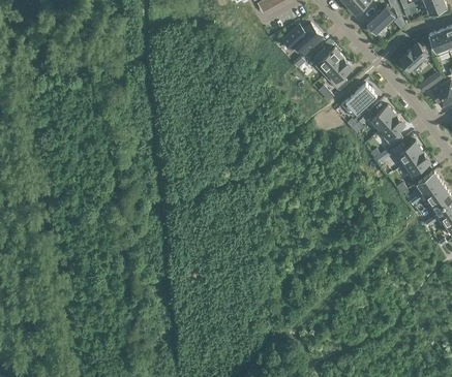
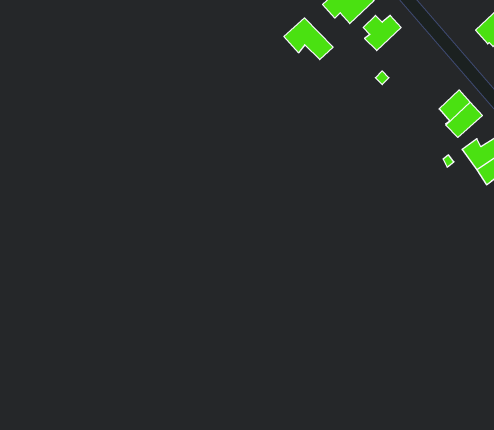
building: none -> [284,18,333,60]
building: [324,58,352,90] -> none
building: [340,84,376,115] -> none

